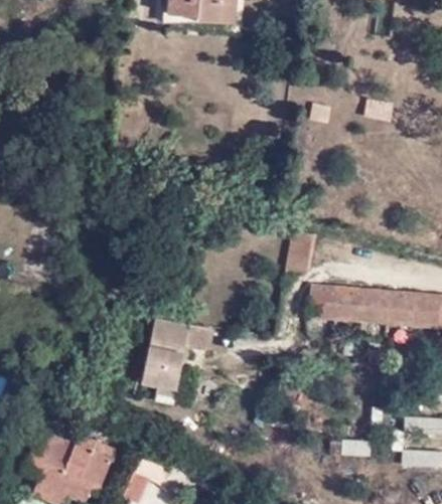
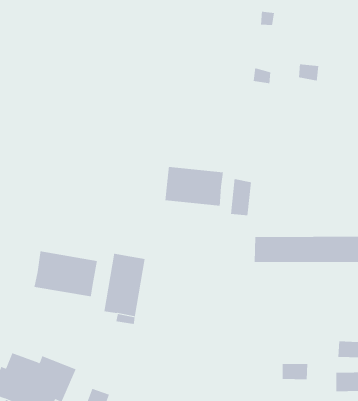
building: none -> [165,166,224,206]
building: none -> [34,251,97,297]

